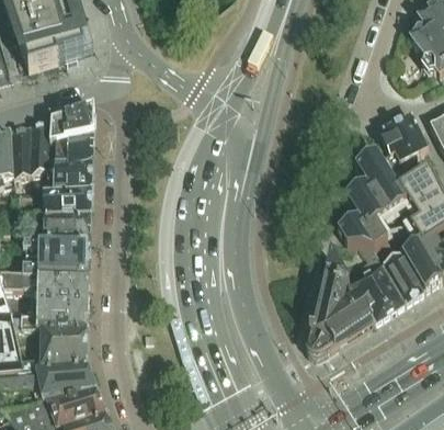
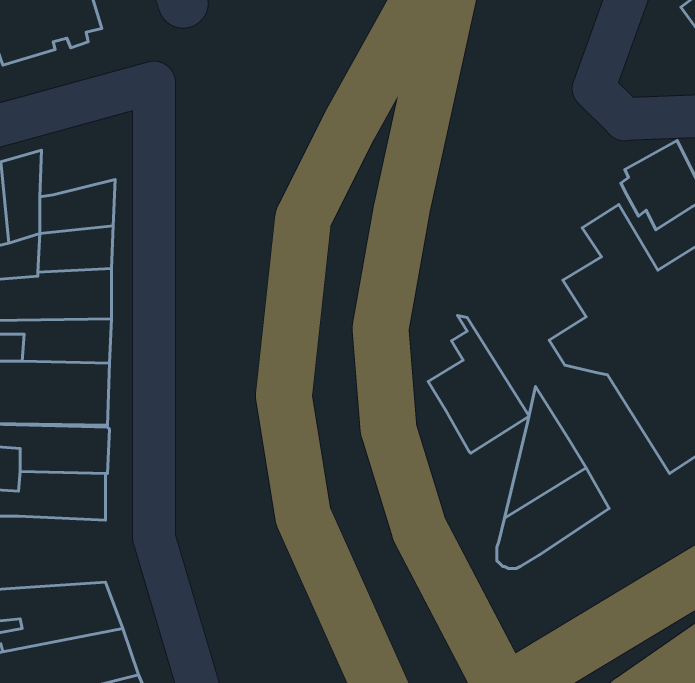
building: [49,103,93,143] -> none
building: [349,242,406,320] -> [428,316,529,453]
building: [37,324,87,364] -> none

